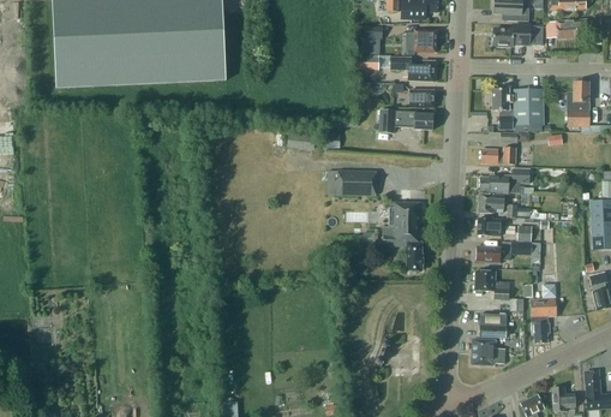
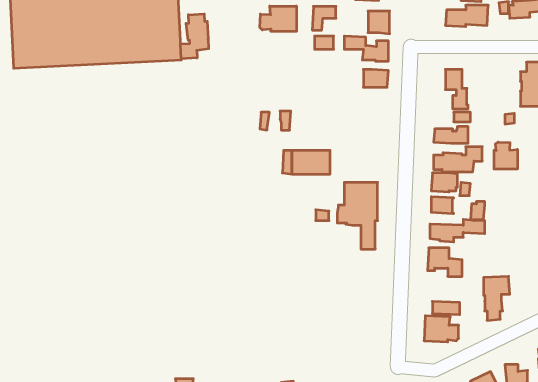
building: none -> [260,6,296,31]
building: none -> [181,14,209,59]
building: [513,88,543,125] -> none
building: [379,109,433,132] -> none
building: none -> [494,142,517,169]

